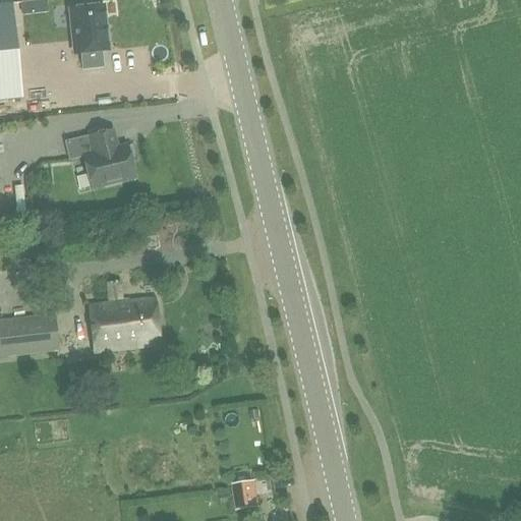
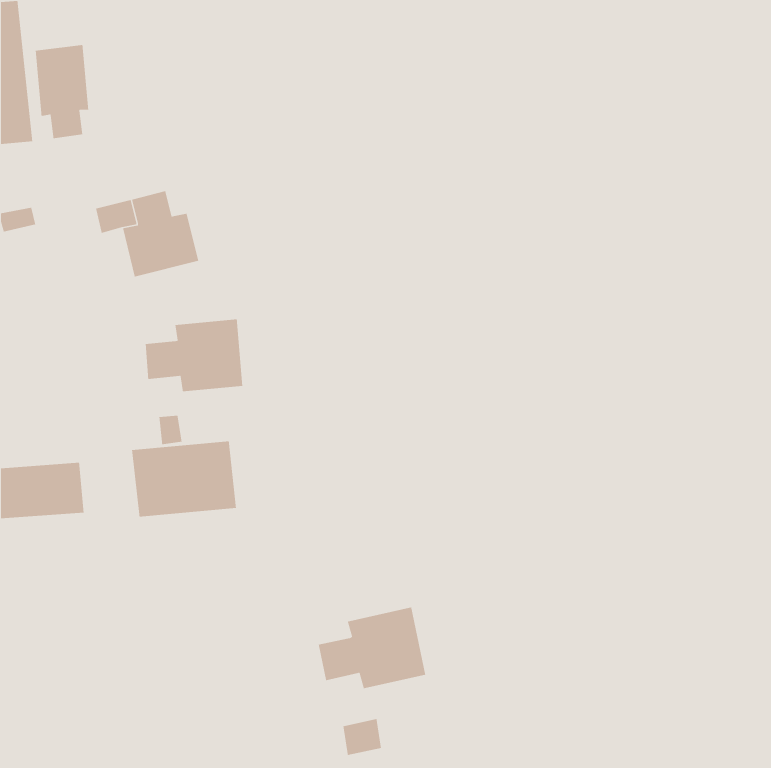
building: [69,4,106,68] -> [35,44,89,139]
building: none -> [145,318,243,392]
building: none -> [318,607,426,689]

